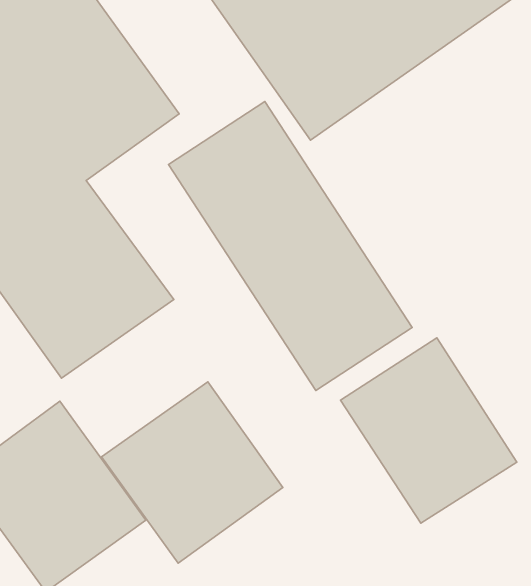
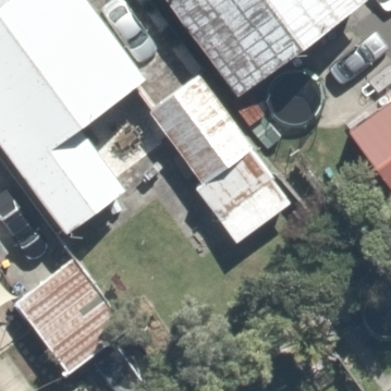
building: [341,338,517,523] -> none
building: [101,382,283,563] -> none

